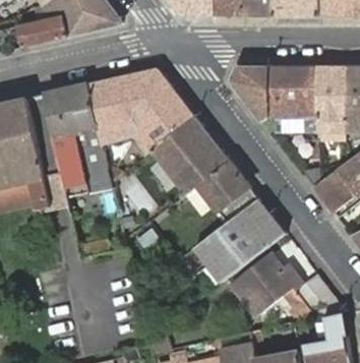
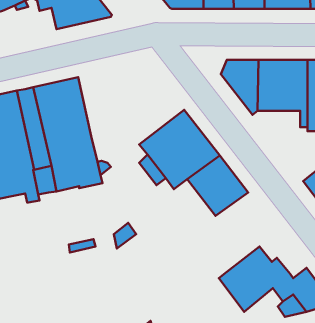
building: [17,14,67,46] -> none
building: [88,68,194,154] -> none
building: [191,198,285,282] -> none

